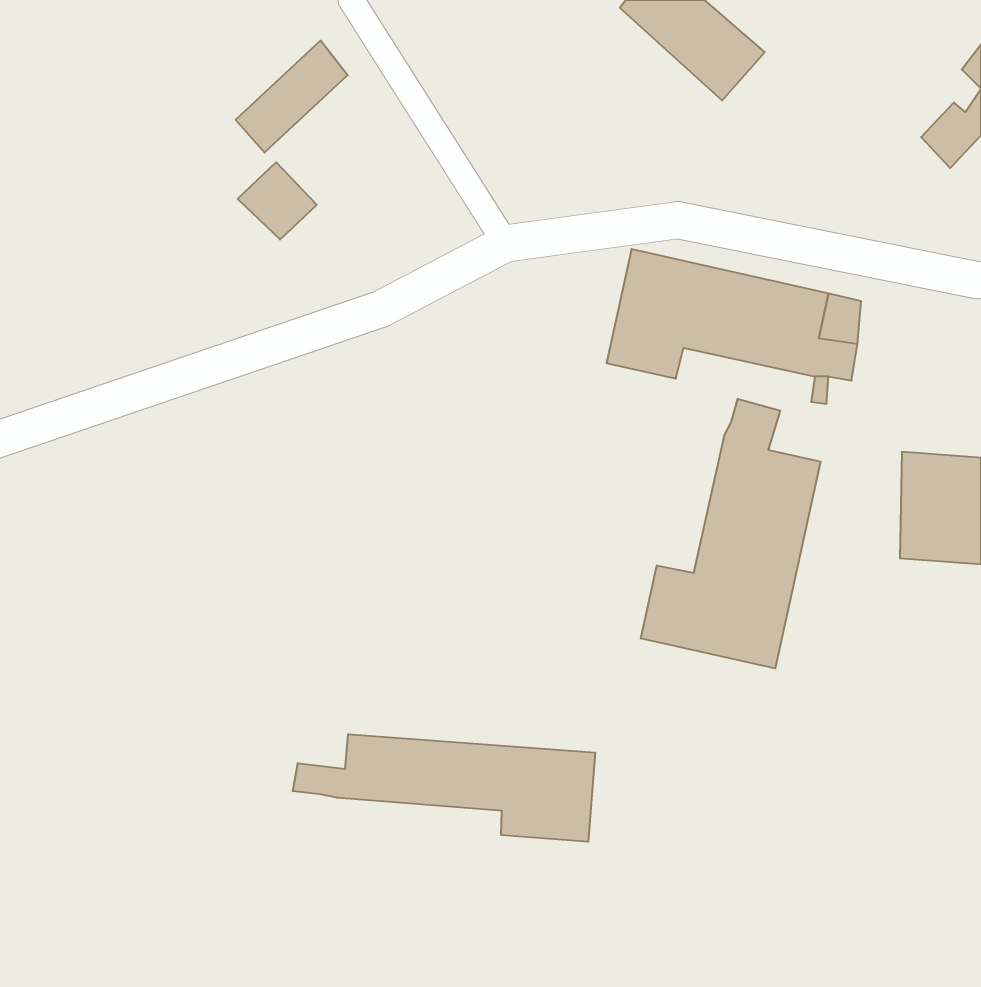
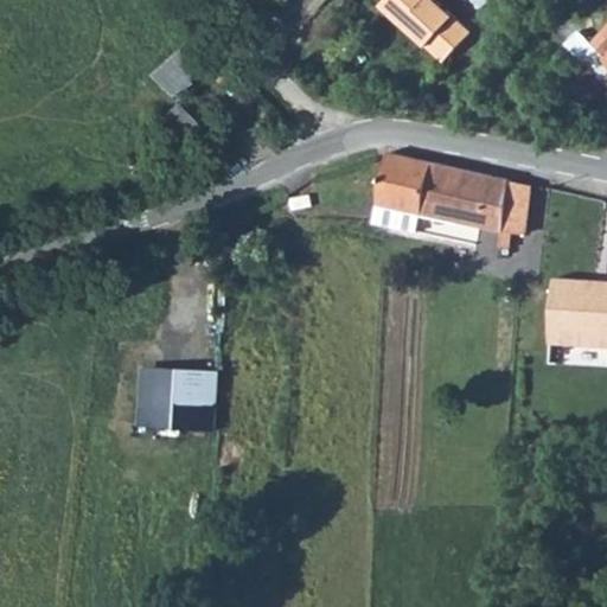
building: [641,399,820,668] -> none
building: none -> [154,368,217,432]
building: [293,734,595,842] -> none

